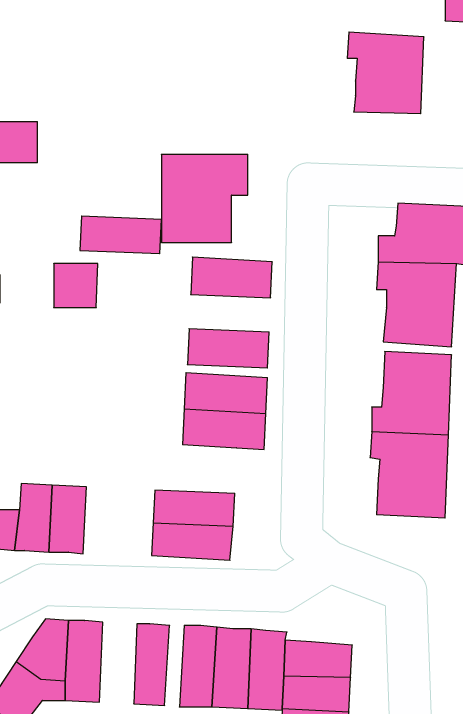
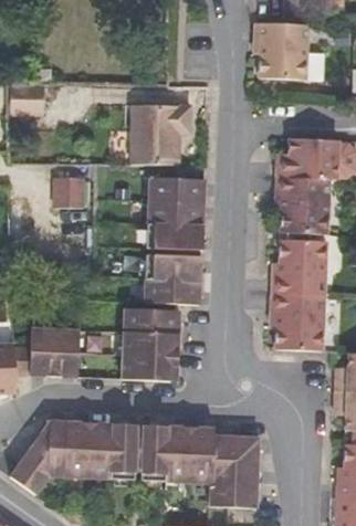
building: [80,216,161,254] -> [148,200,203,225]
building: none -> [125,307,180,335]
building: none -> [87,422,113,477]

